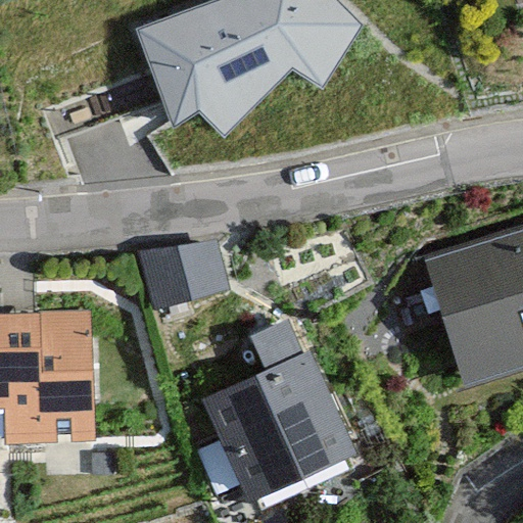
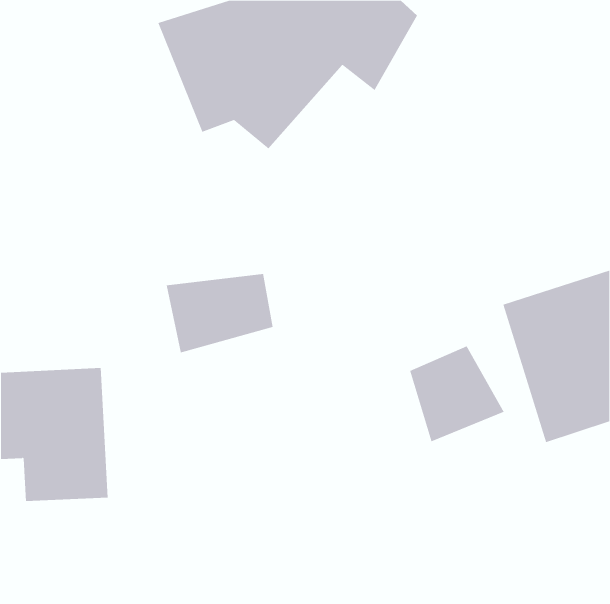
building: none -> [410,346,504,442]
building: [201,333,343,501] -> none

